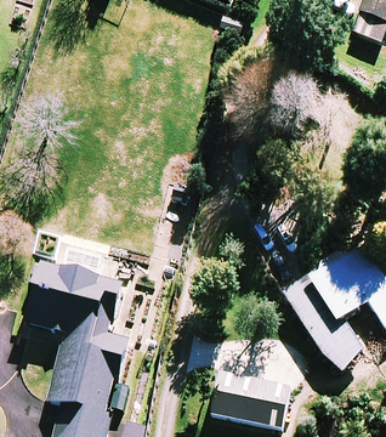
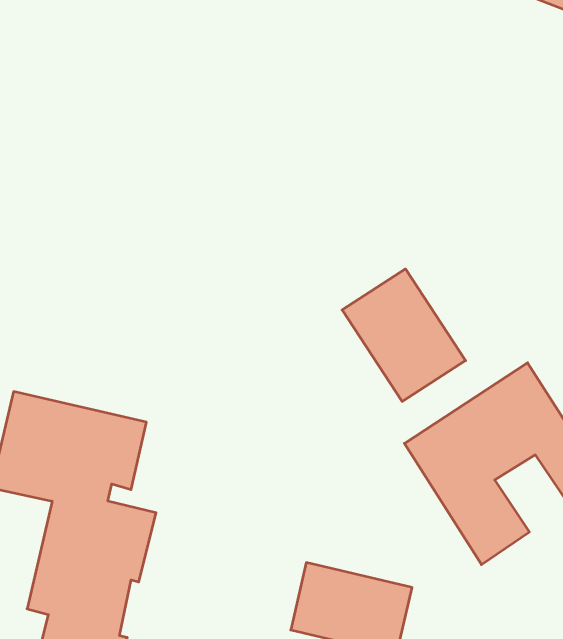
building: none -> [342,269,466,401]

